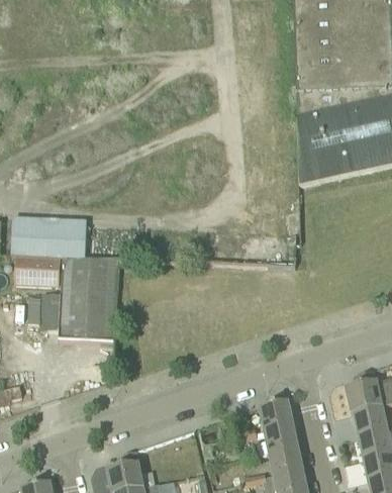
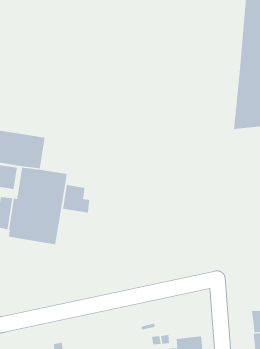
building: none -> [62,184,90,213]
building: [260,400,294,429] -> none

